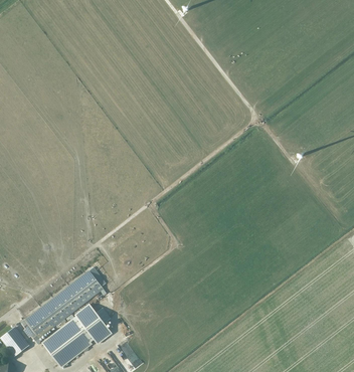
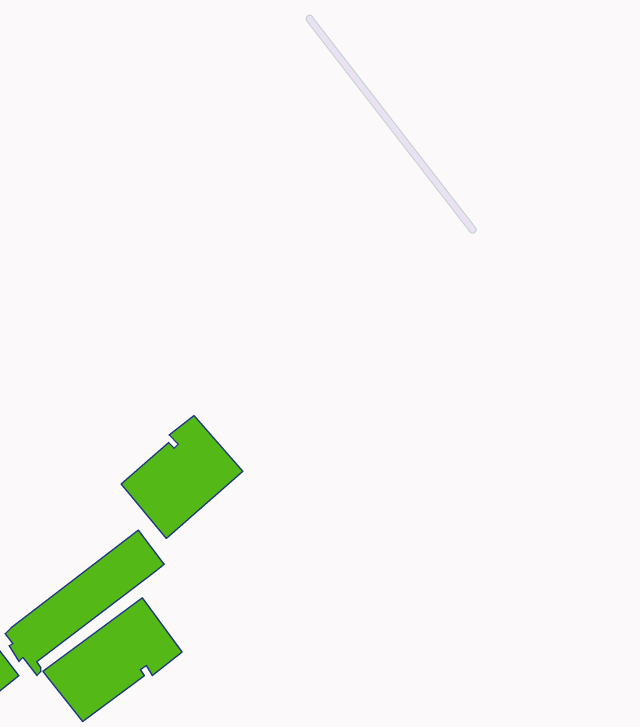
building: none -> [121,416,243,538]

